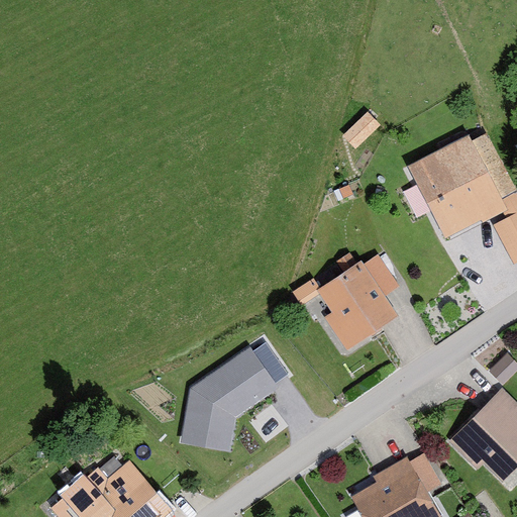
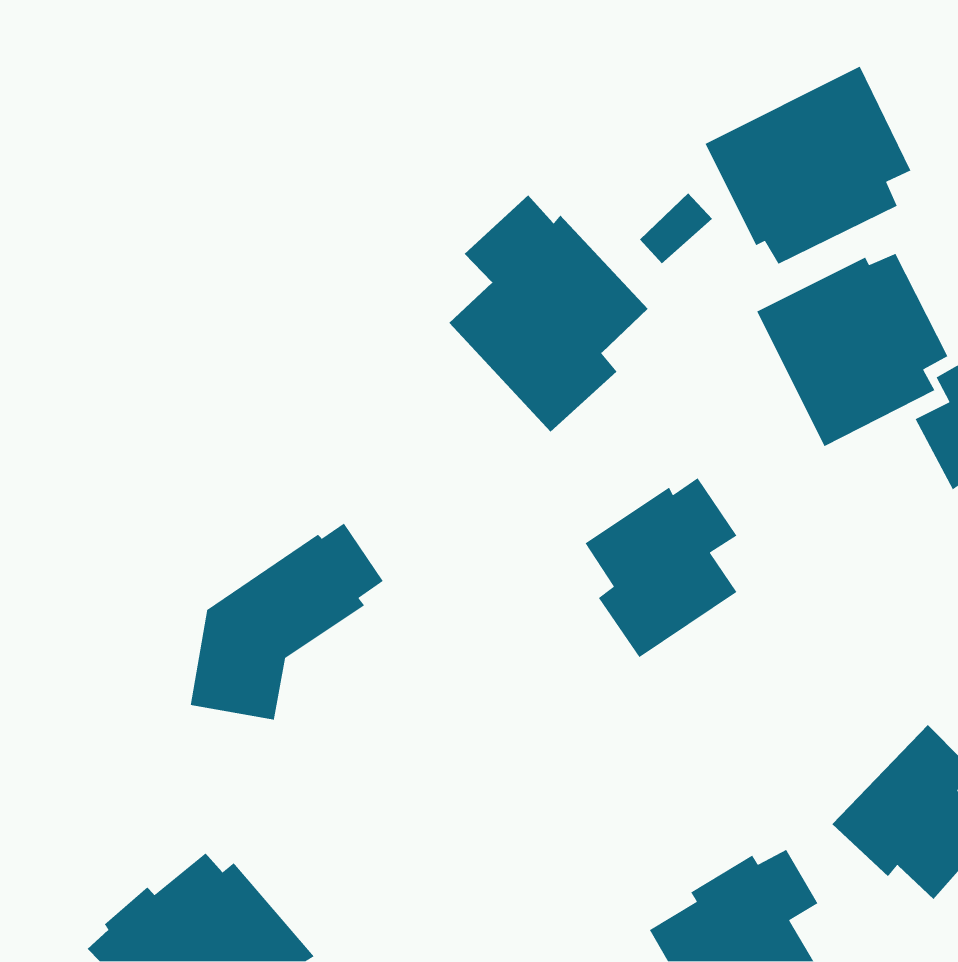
building: none -> [705,66,912,265]
building: none -> [449,195,648,433]
building: [186,342,290,448] -> [190,523,384,721]

